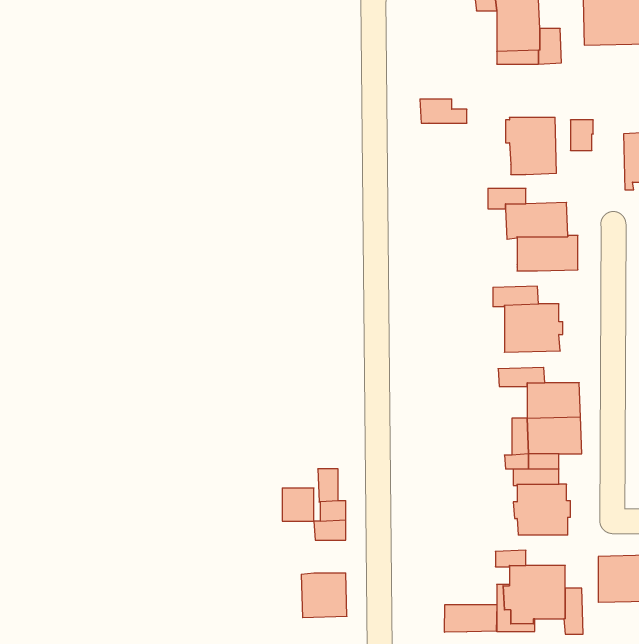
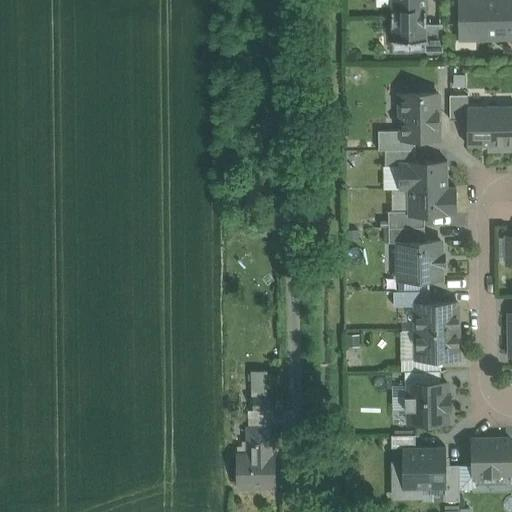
building: [420,99,467,123] -> [378,132,415,151]
building: none -> [467,108,493,152]
building: none -> [388,212,424,229]
building: [282,488,314,521] -> [248,428,273,454]
building: [445,605,497,632] -> none

